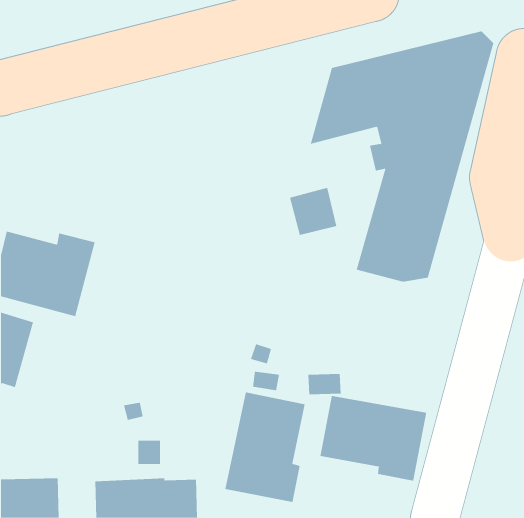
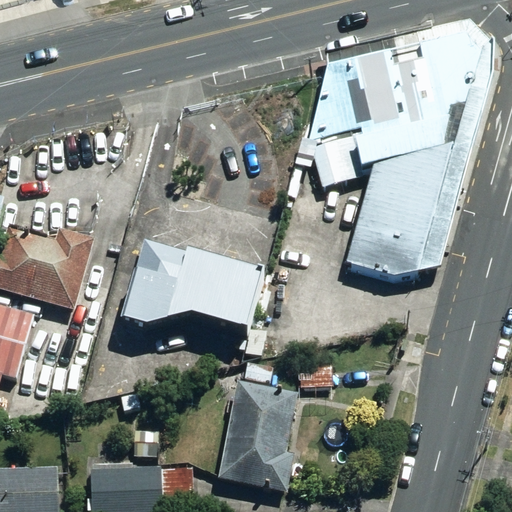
building: [289,187,337,235] -> [317,136,364,183]
building: none -> [122,239,265,332]
building: [320,395,427,482] -> none

